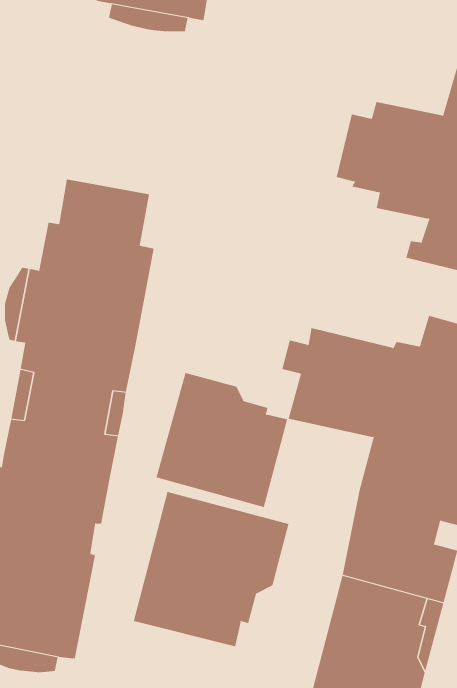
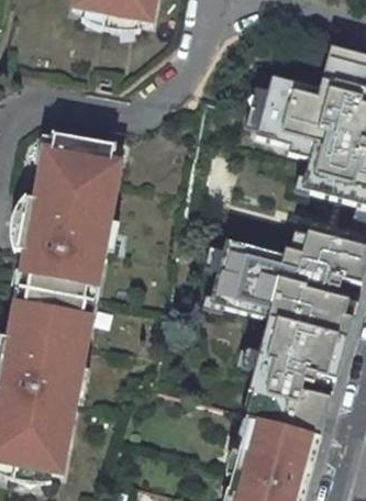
building: [156,372,288,508] -> none
building: [133,491,289,647] -> none

